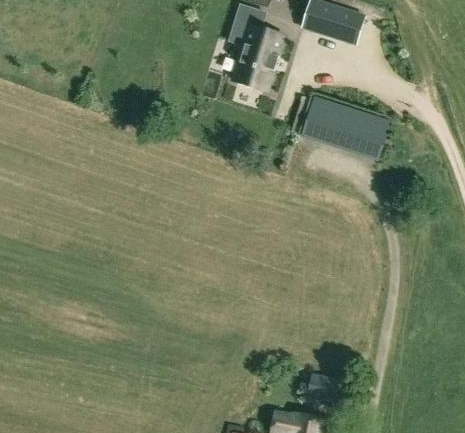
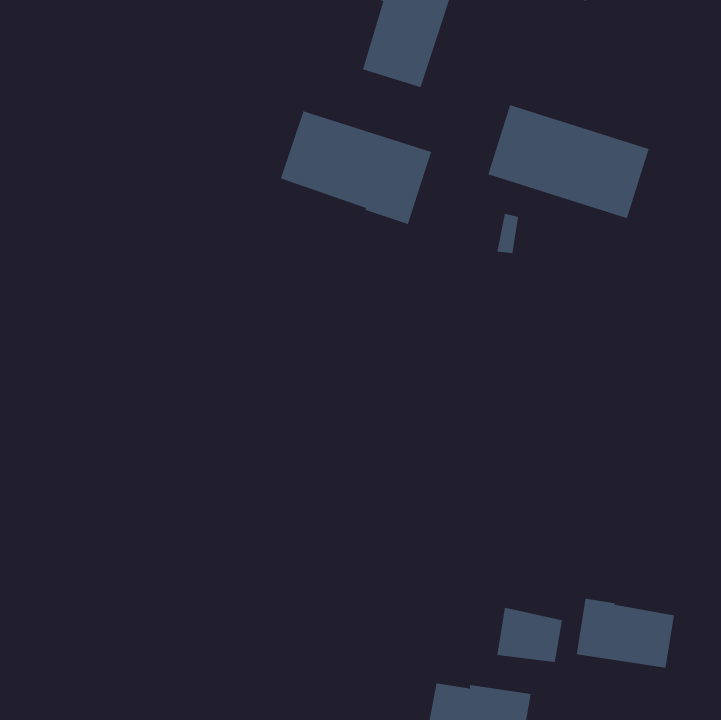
building: none -> [280,110,432,225]
building: none -> [576,598,674,668]

